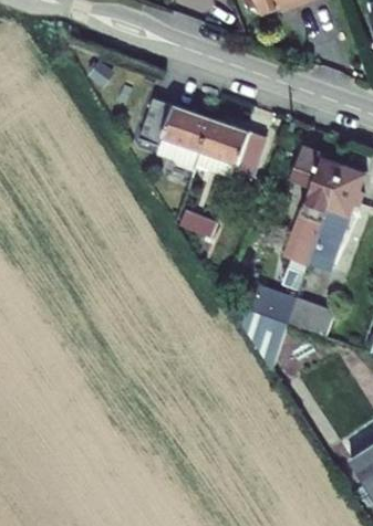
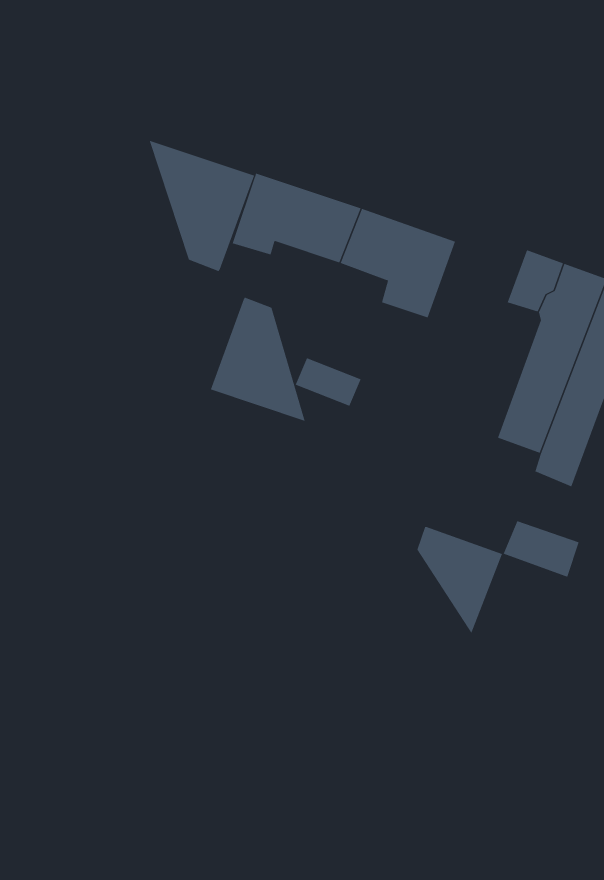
building: none -> [149,140,255,272]
building: none -> [210,297,306,422]
building: [245,278,298,320] -> none

